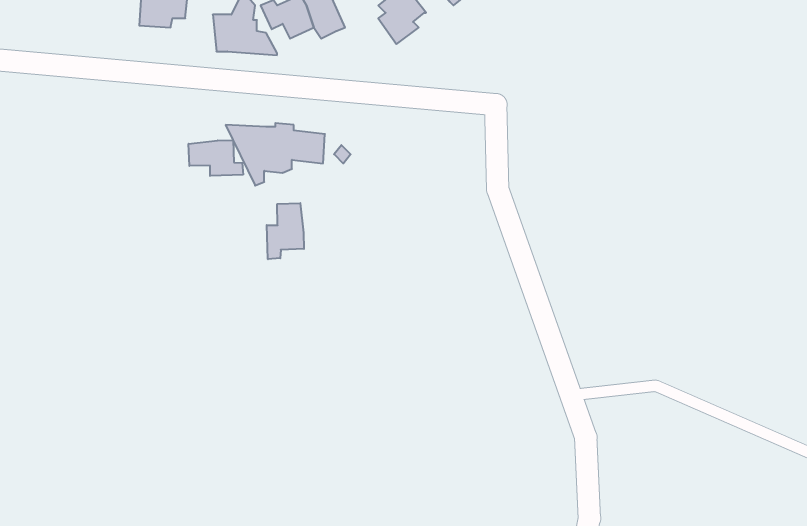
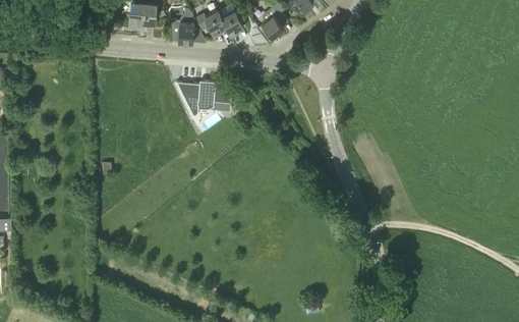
building: [189,140,243,176] -> none
building: [267,203,304,259] -> none

